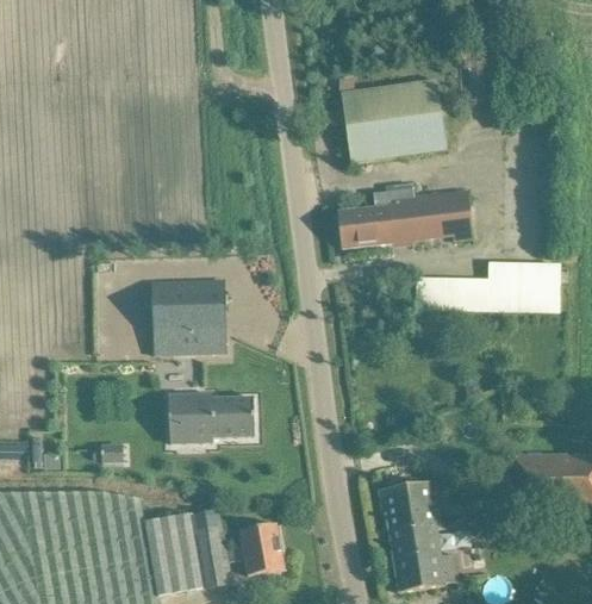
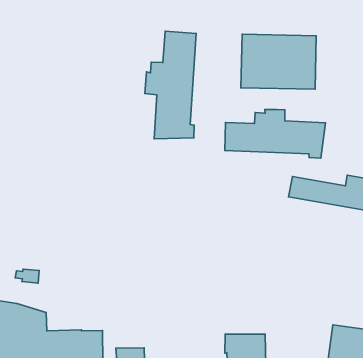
building: none -> [145,31,196,139]
building: [152,280,226,354] -> none
building: [169,393,255,442] -> none

